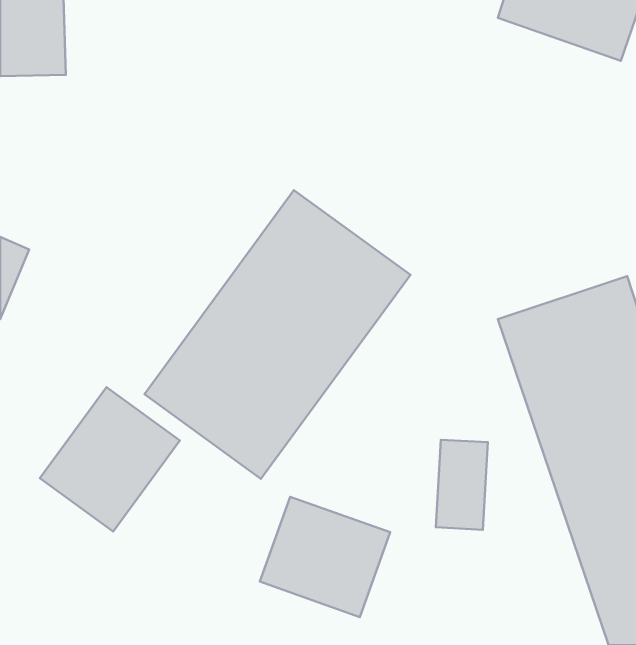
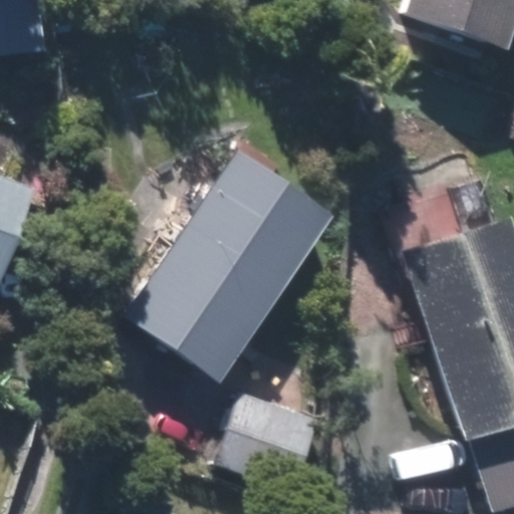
building: [40,387,180,532] -> none

